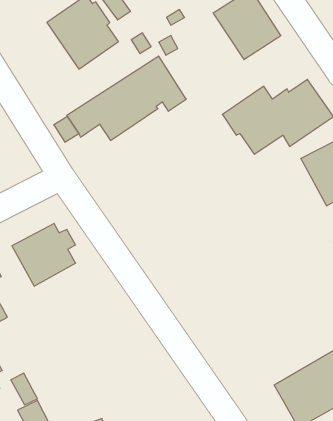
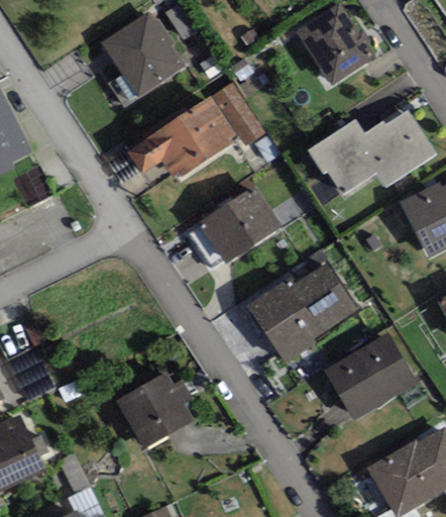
building: none -> [199,186,282,264]
building: none -> [246,263,357,364]
building: [12,223,76,286] -> [117,374,192,447]
building: none -> [324,331,417,421]

